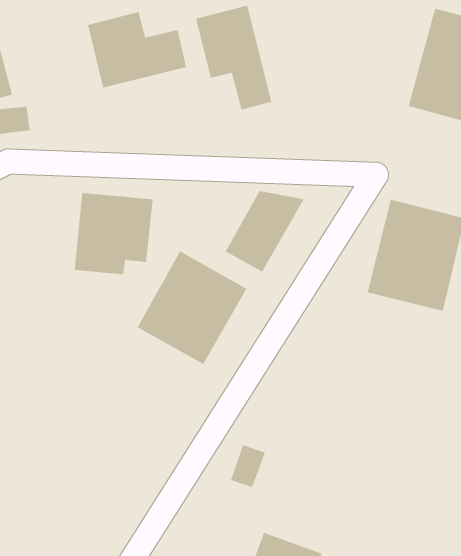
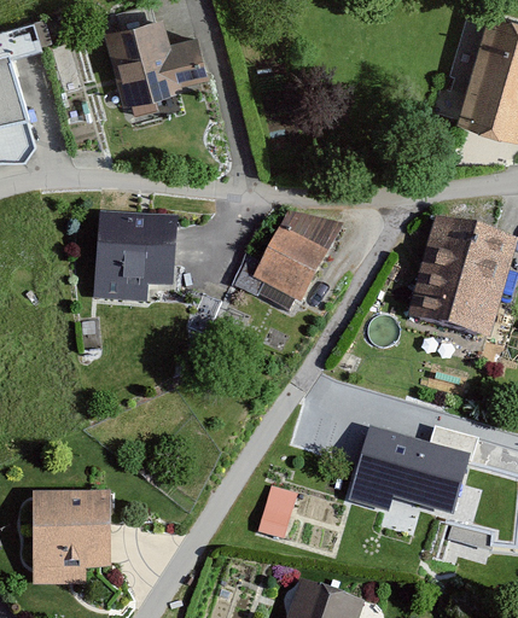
building: [195,5,272,111] -> none
building: [137,251,247,365] -> none
building: none -> [348,426,476,518]
building: none -> [24,488,107,585]

